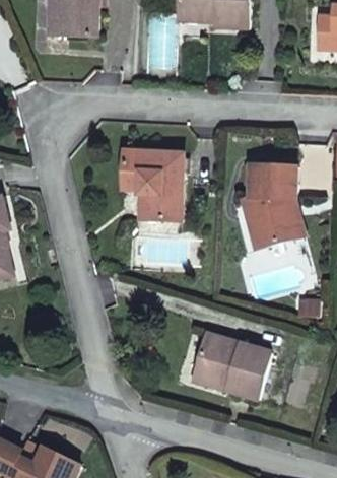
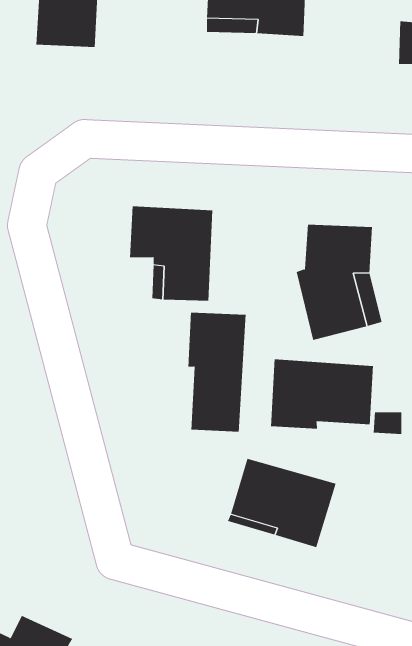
building: none -> [188,312,246,432]
building: none -> [270,358,374,430]

